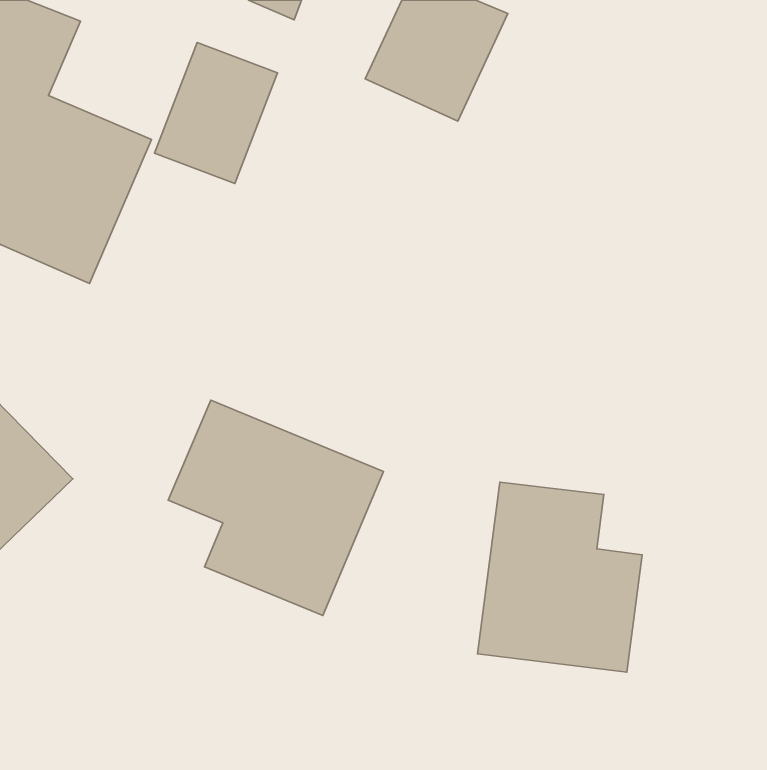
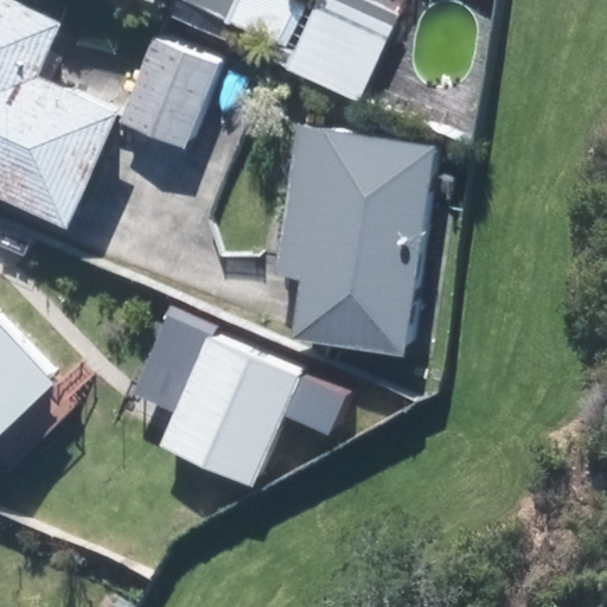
building: none -> [274,126,435,354]
building: [477,482,642,672] -> none

